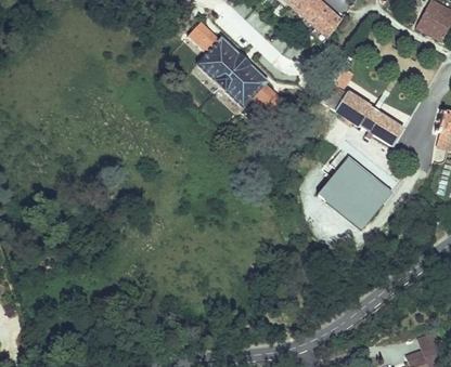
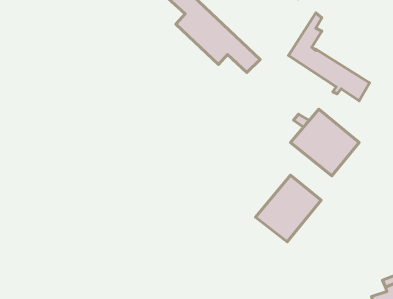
building: none -> [256,175,321,242]

